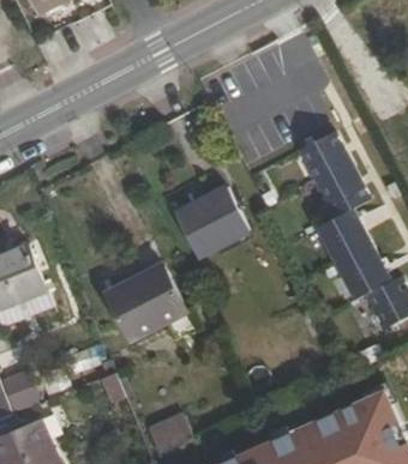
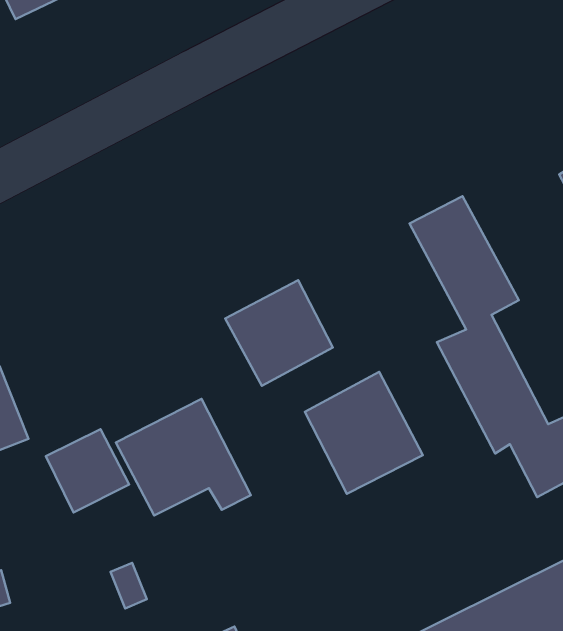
building: none -> [305,372,423,494]
building: none -> [46,429,129,513]

